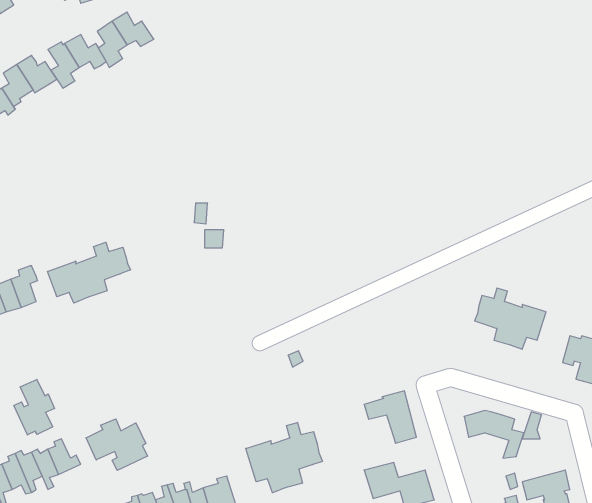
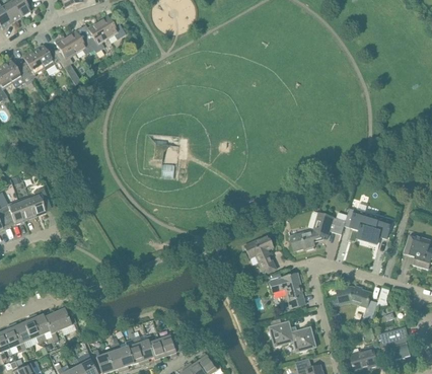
building: [48,242,131,303] -> none
building: none -> [290,212,346,250]
building: none -> [243,235,276,275]
building: [14,379,54,435] -> none
building: [86,419,147,470] -> none
building: [246,422,322,493] -> none

